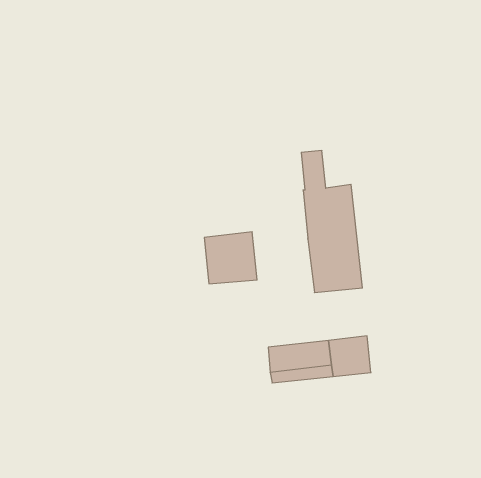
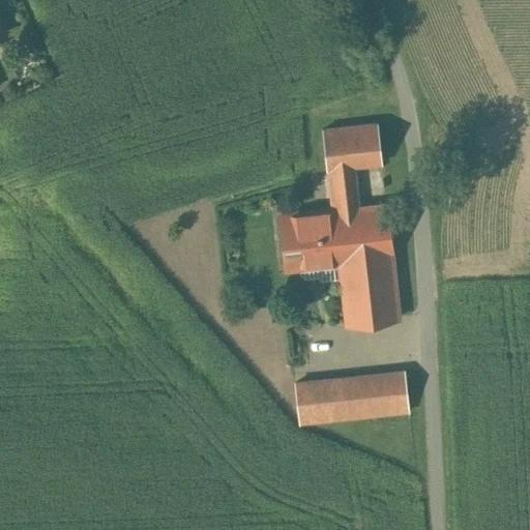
building: none -> [322,125,381,172]
building: [204,232,257,284] -> [281,212,338,269]

